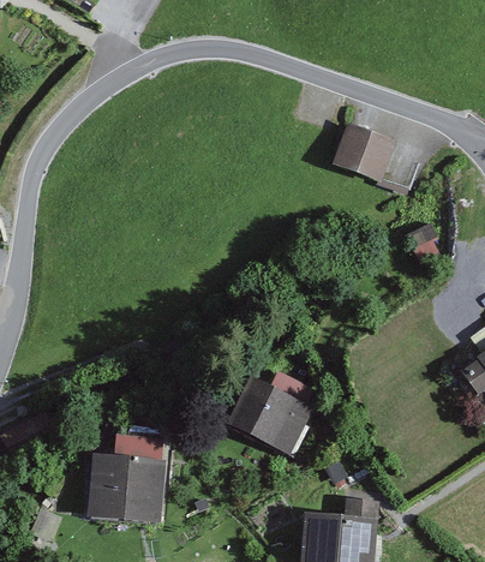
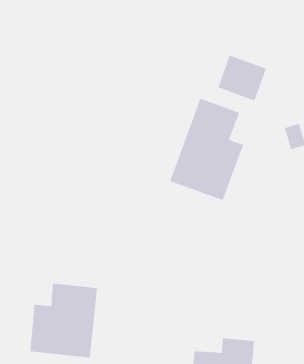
building: none -> [170,98,244,201]
building: [226,376,318,452] -> none

